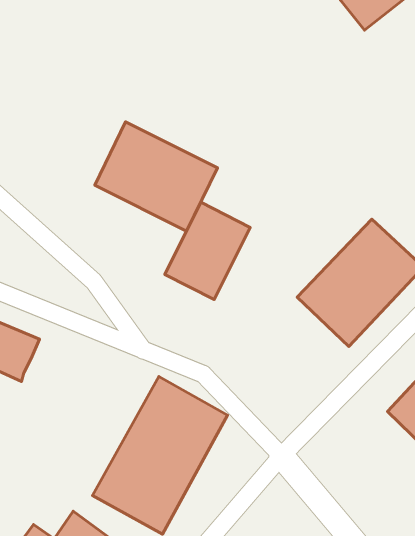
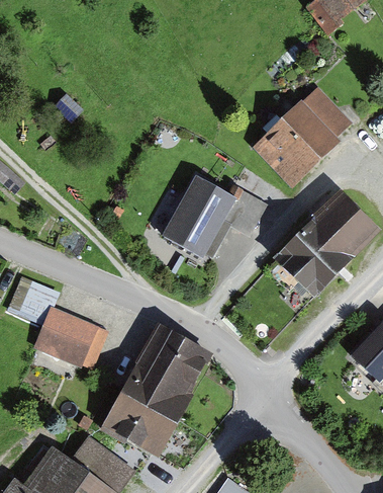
building: none -> [257,89,346,187]
building: [95,122,217,231] -> none
building: none -> [33,308,105,371]

